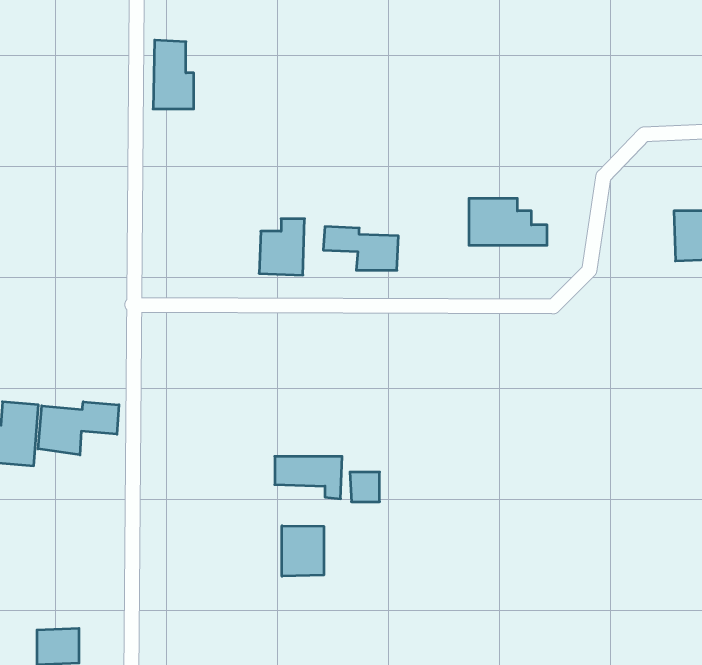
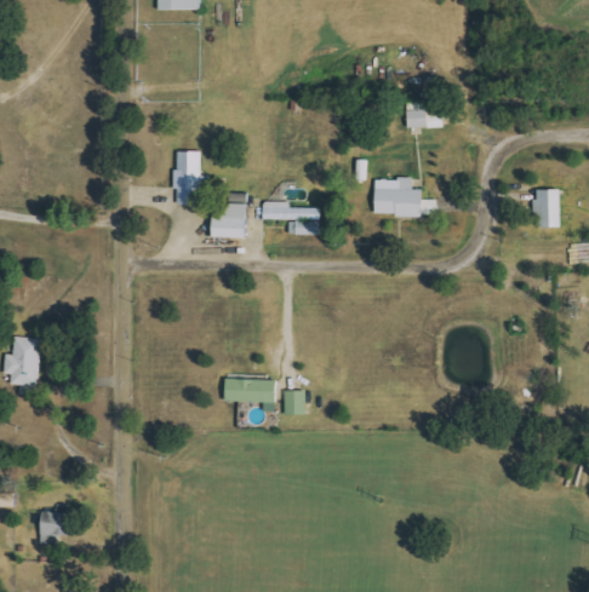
building: [153,40,194,109] -> [173,149,205,202]
building: none -> [405,109,440,127]
building: [38,402,119,455] -> none
building: [282,526,324,576] -> none

